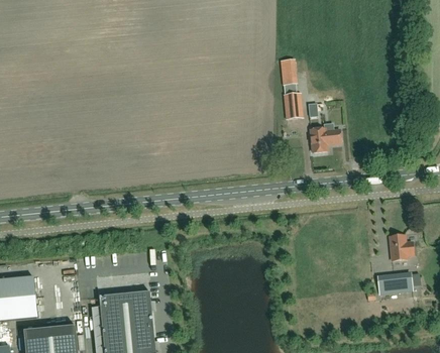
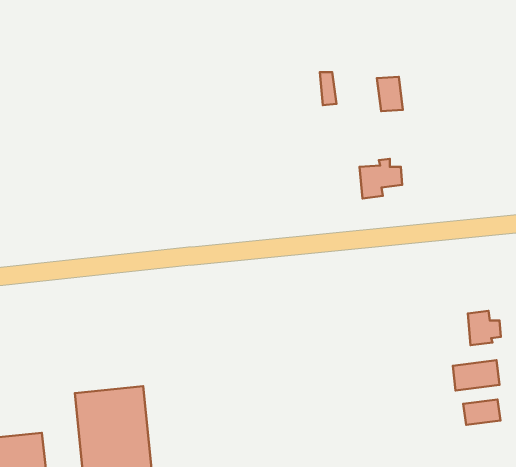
building: [284,93,303,118] -> [377,77,403,111]
building: none -> [463,399,500,425]

